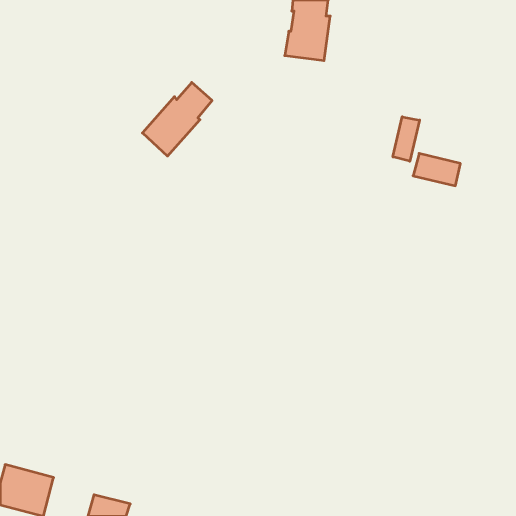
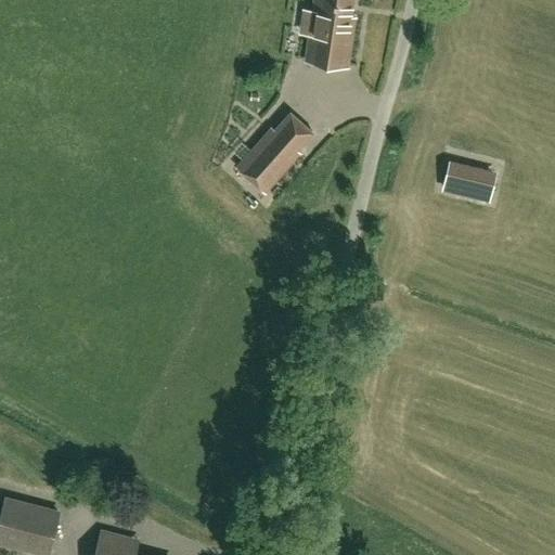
building: [142,82,212,156] -> [237,113,312,192]
building: [393,117,420,161] -> none

